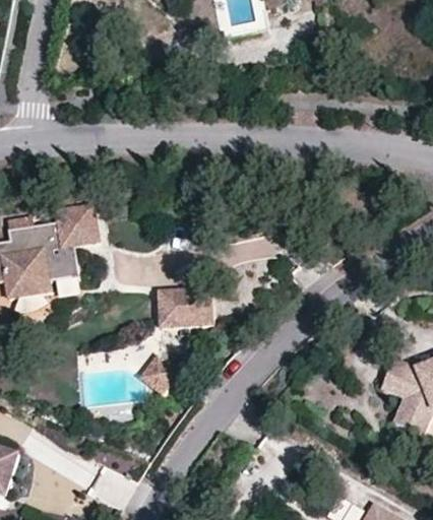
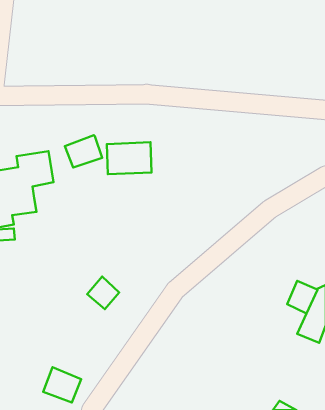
building: none -> [65,135,102,168]
building: [158,287,211,326] -> [107,142,151,174]

